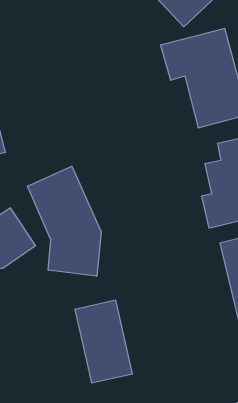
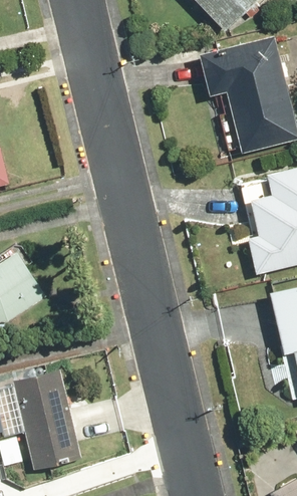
building: [27,166,101,276] -> none
building: [75,300,133,383] -> [12,370,81,470]

